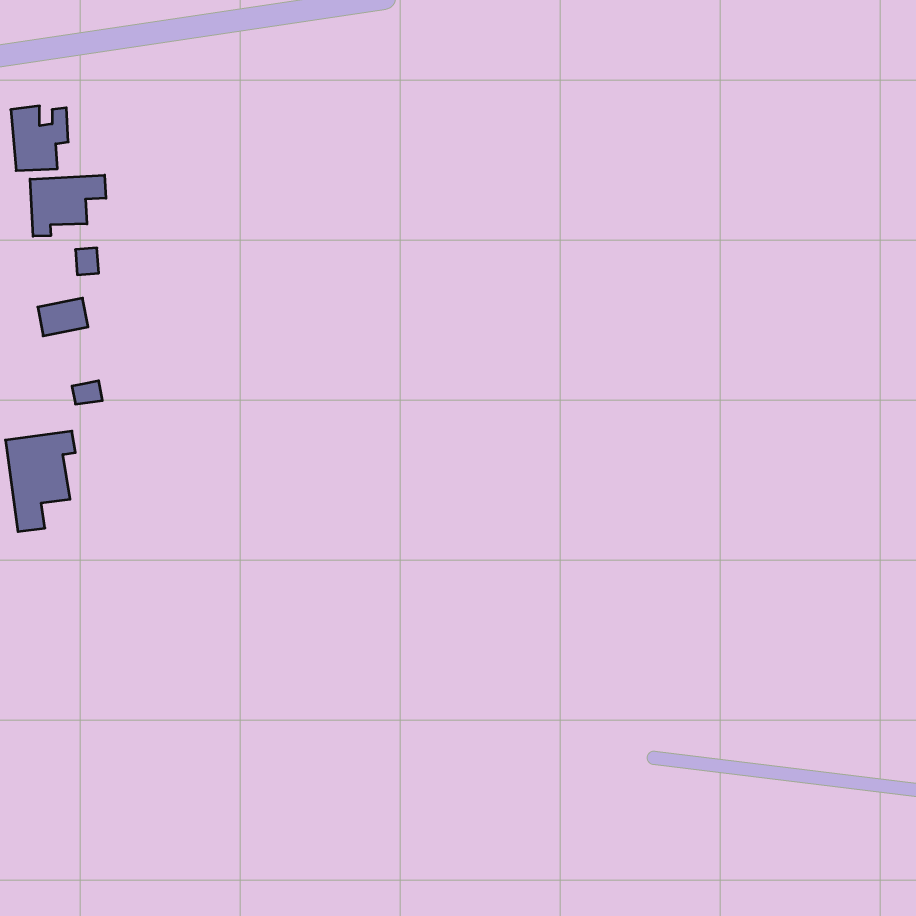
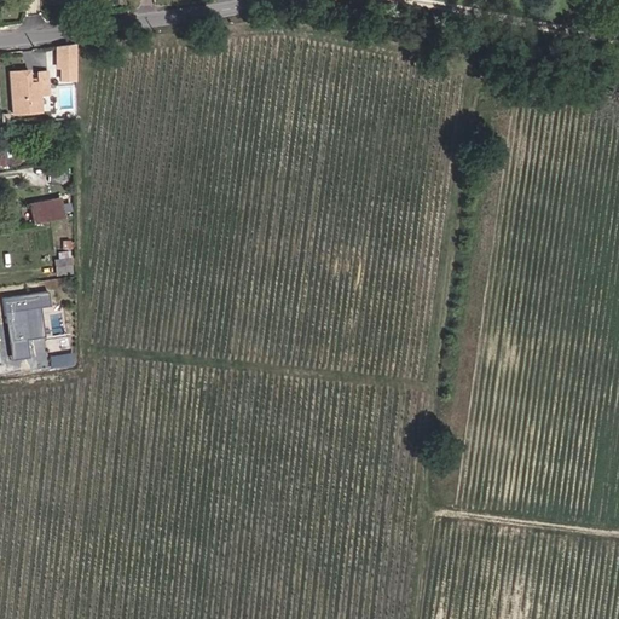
building: none -> [60,42,80,81]
building: [30,175,106,236] -> none

